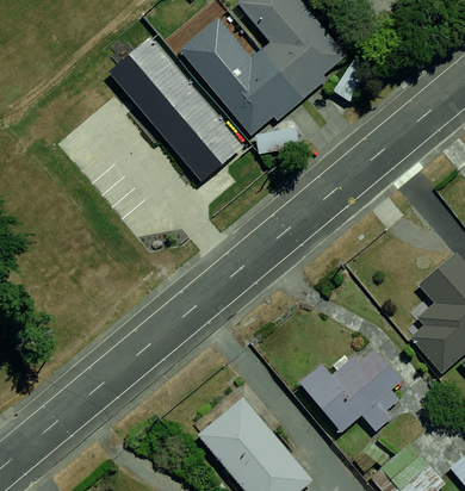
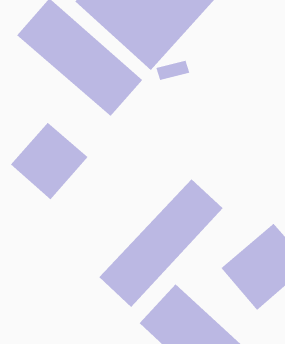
building: none -> [10,122,88,200]
building: none -> [98,179,223,308]

